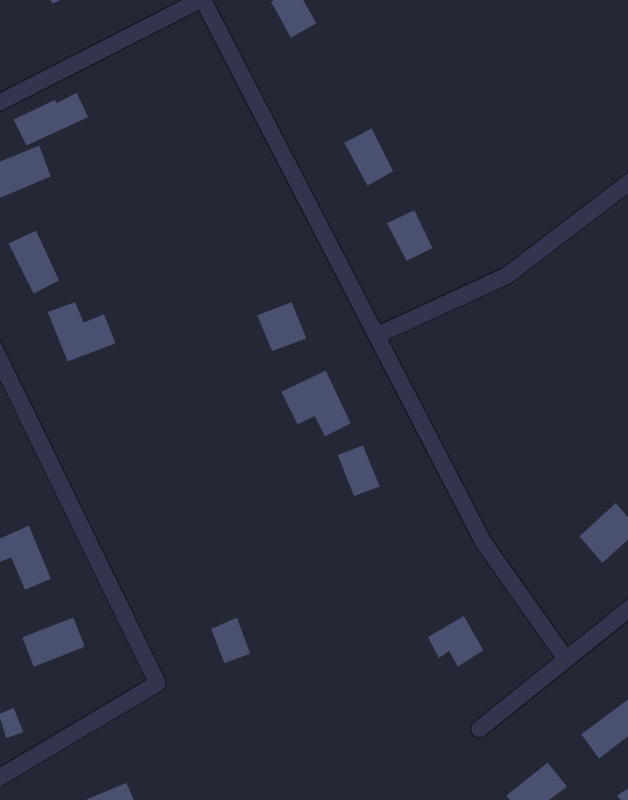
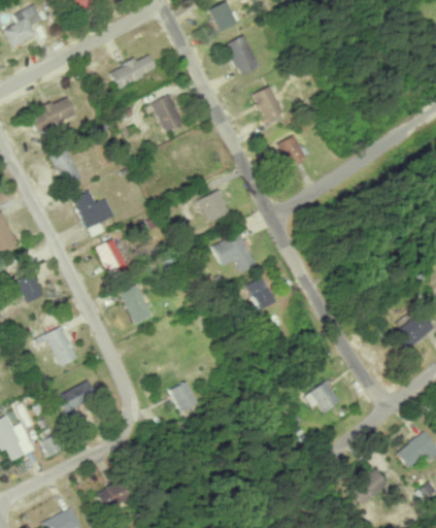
building: none -> [225,35,259,76]
building: [12,92,89,147] -> [109,55,156,88]
building: none -> [152,94,183,132]
building: none -> [96,235,129,273]
building: none -> [121,285,152,324]

